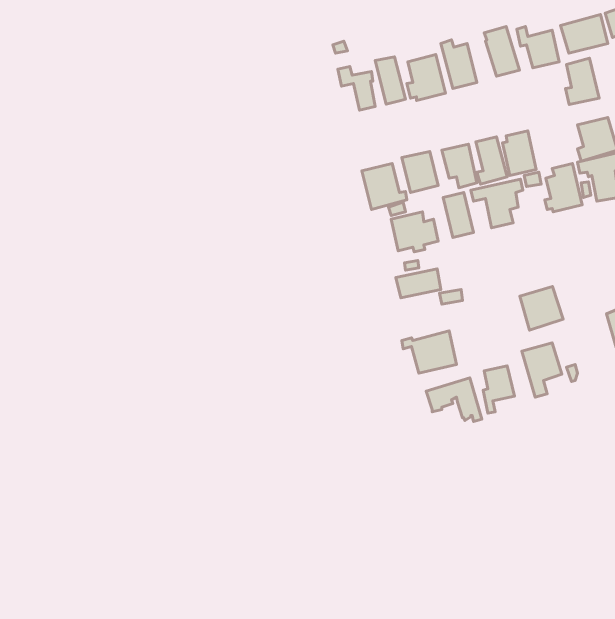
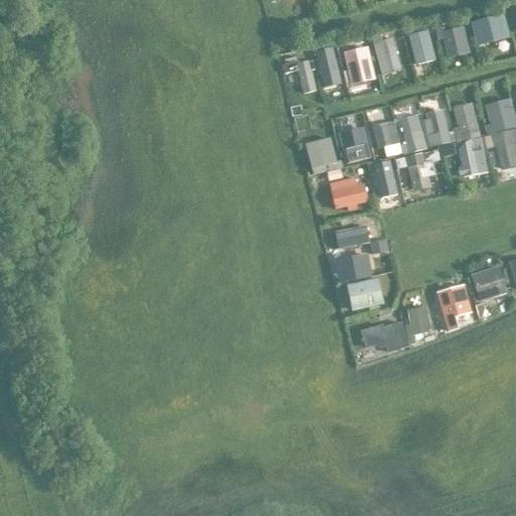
building: [565,58,599,104] -> [452,102,480,140]
building: [520,287,563,330] -> [471,265,507,301]
building: none -> [335,252,373,282]

